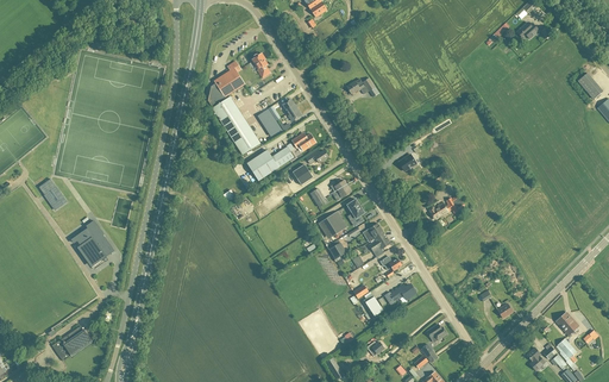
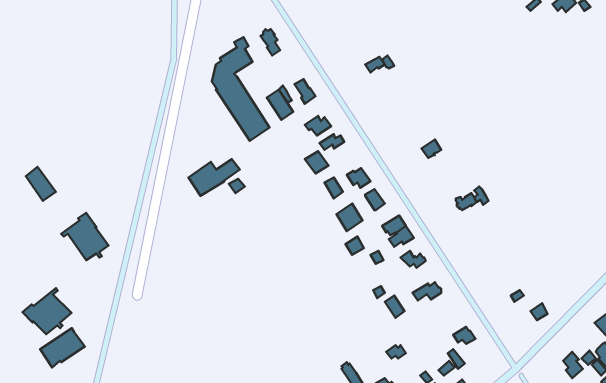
building: [246,146,293,180] -> [189,159,240,196]
building: none -> [22,288,71,334]

